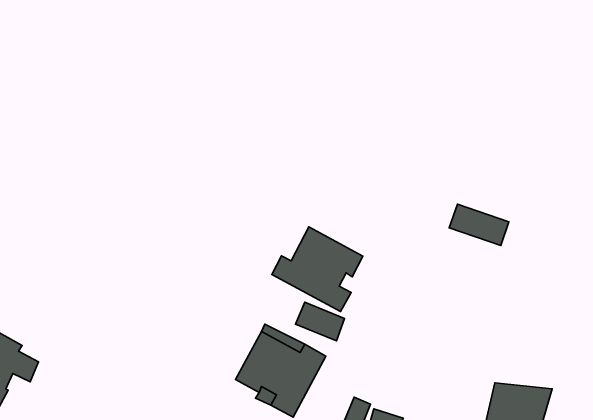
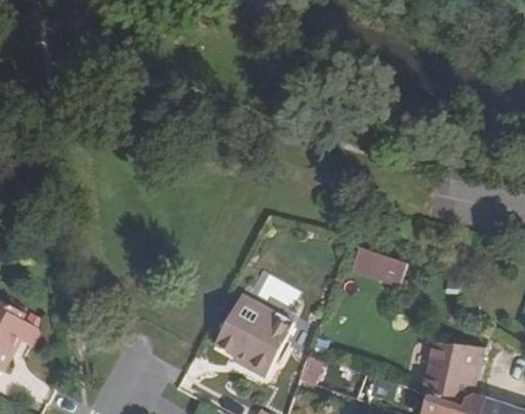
building: [449,204,509,245] -> [354,250,406,286]
building: [272,227,363,312] -> none

